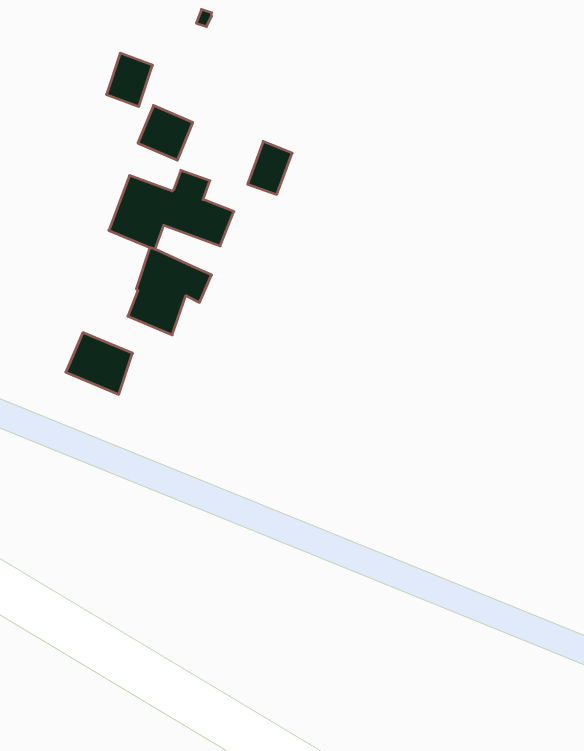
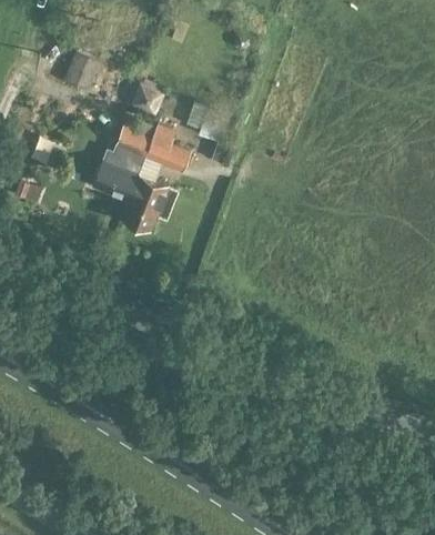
building: [106,53,153,106] -> [65,55,95,90]
building: [66,333,133,394] -> [92,160,135,200]

